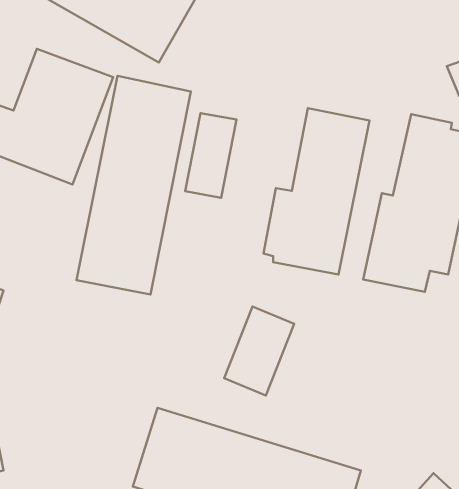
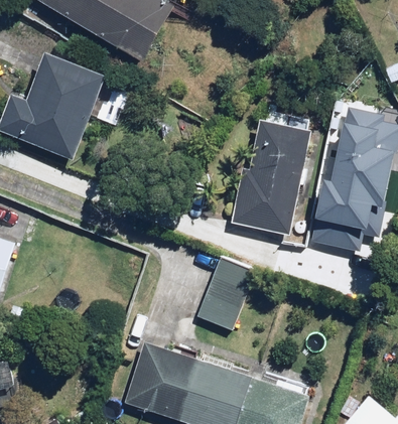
building: [77,76,191,294] -> none
building: [185,113,237,198] -> none

